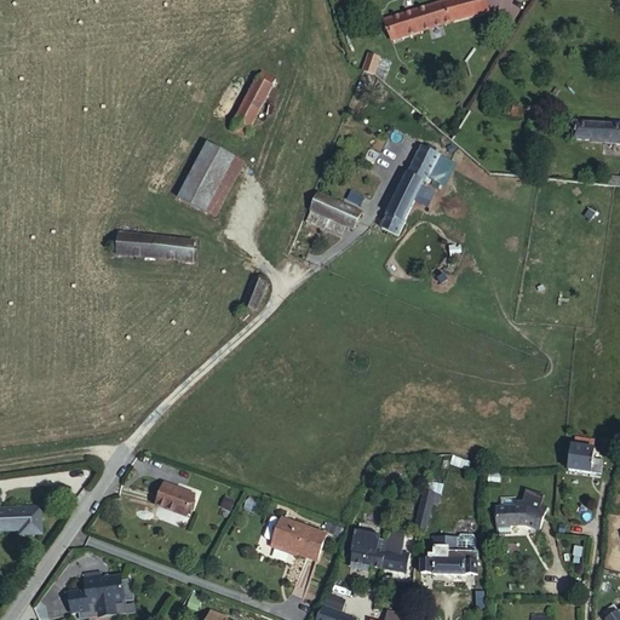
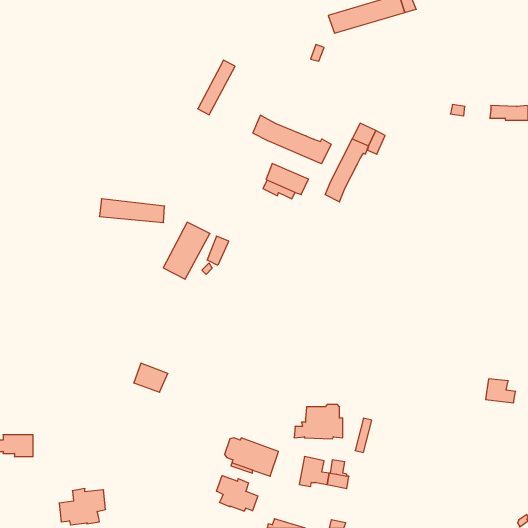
building: none -> [253,115,331,164]
building: [179,143,234,209] -> [163,222,210,279]
building: [156,481,196,515] -> [134,363,168,392]
building: [496,486,547,530] -> none
building: [420,534,477,574] -> [294,405,343,439]
building: none -> [217,476,258,511]

